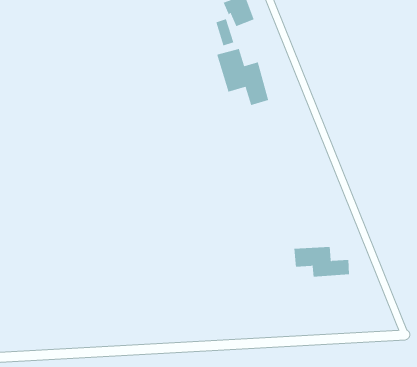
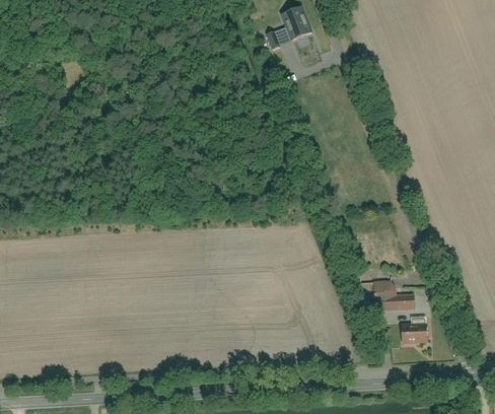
building: [216,48,269,106] -> none
building: none -> [402,317,429,345]

